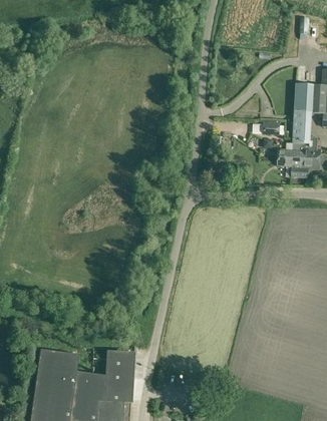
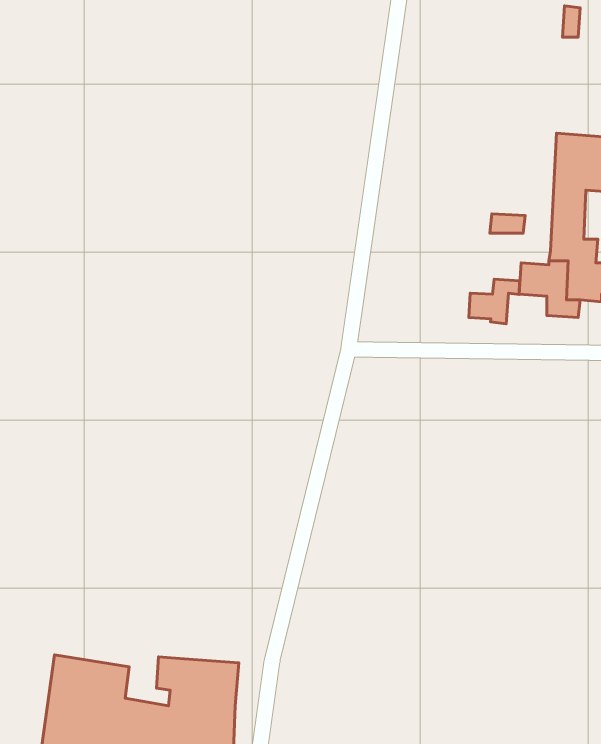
building: none -> [469,279,519,324]

